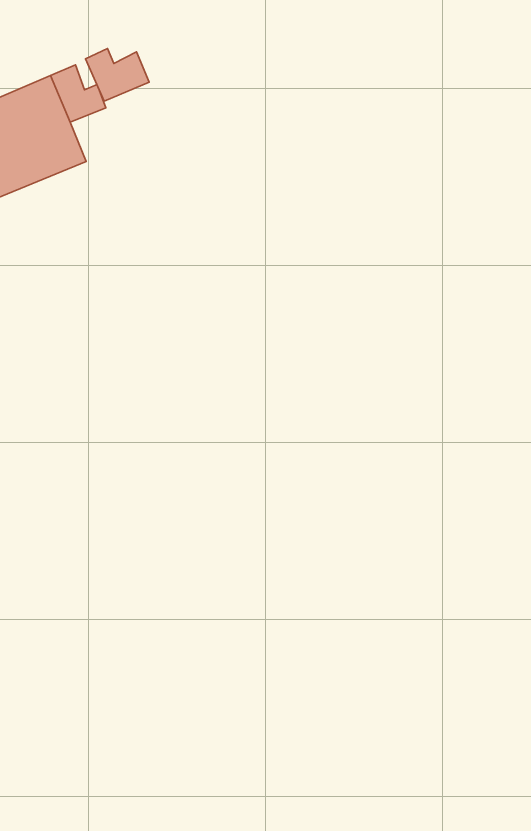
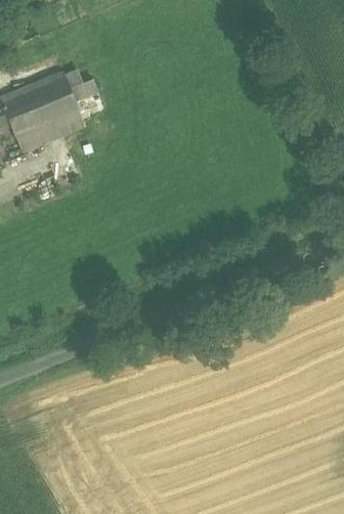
building: [86,48,149,101] -> none

